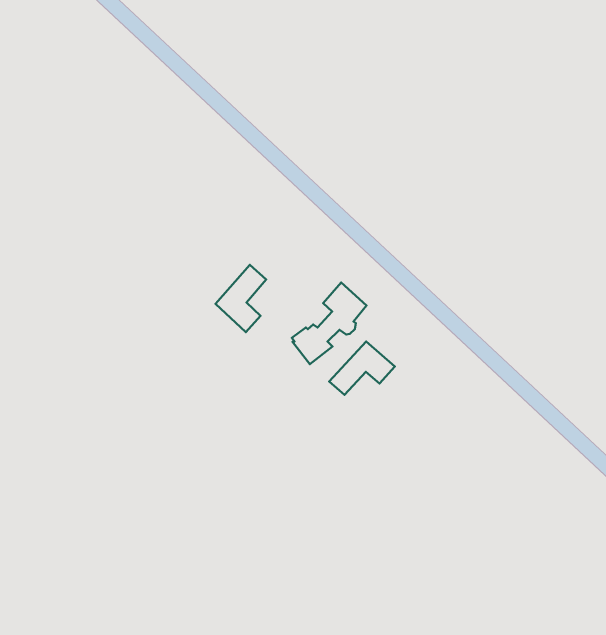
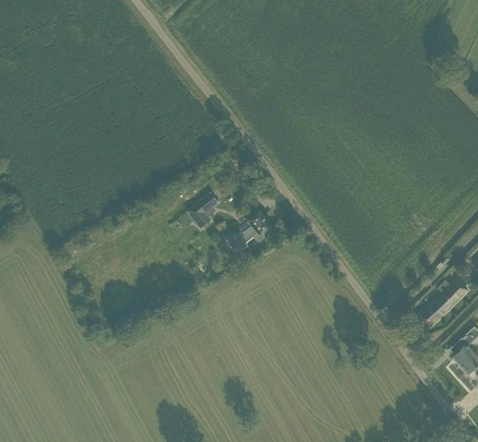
building: [329,341,395,395] -> none

